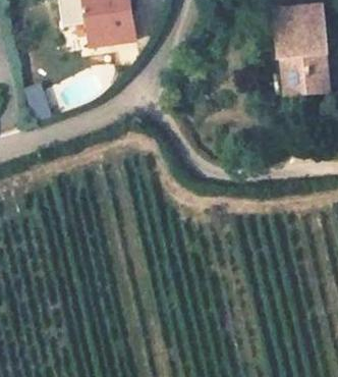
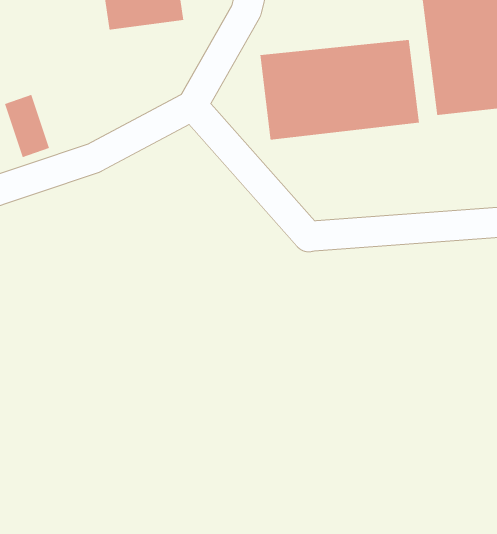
building: none -> [260,39,419,140]

